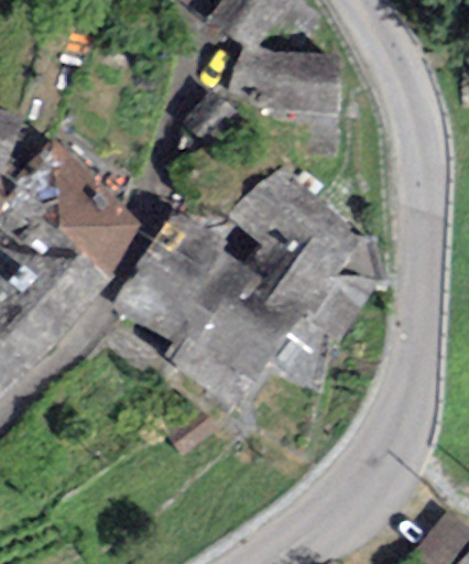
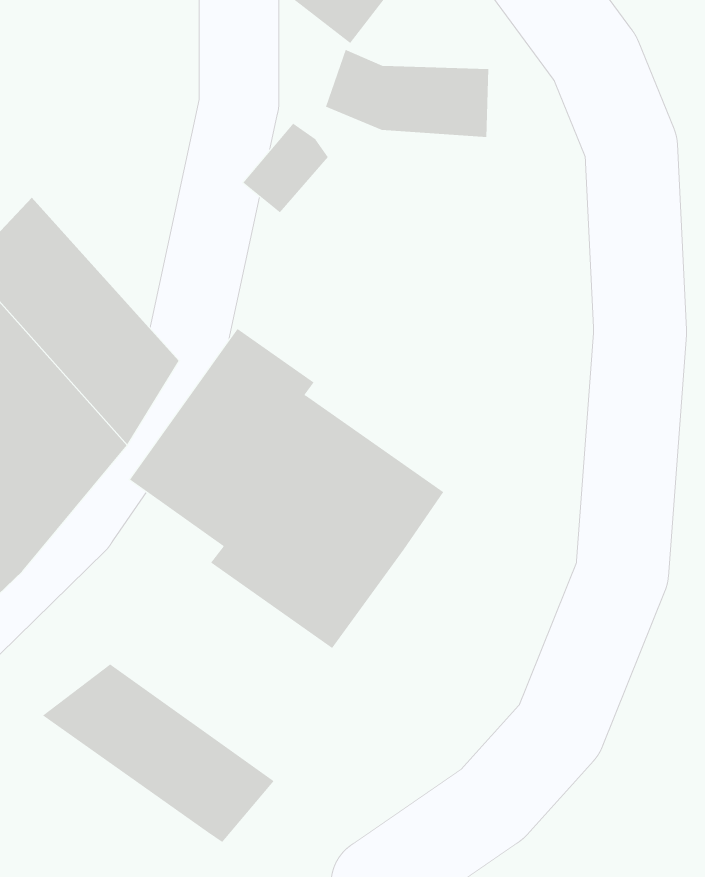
building: [227,171,374,375] -> none
building: none -> [42,664,275,843]

